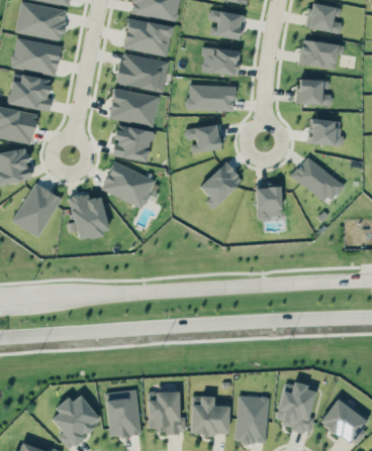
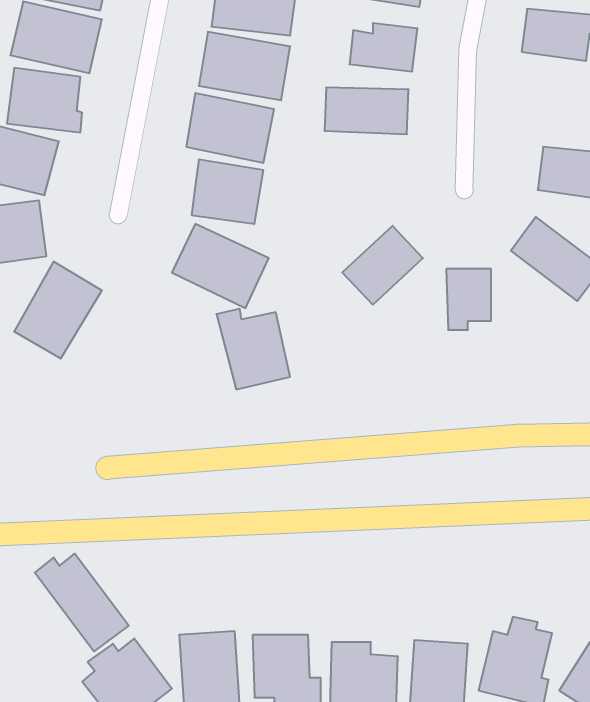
building: [297,79,332,105] -> none
building: [184,124,222,153] -> none
building: [68,195,109,240] -> [216,309,290,389]
building: none -> [35,554,129,651]

